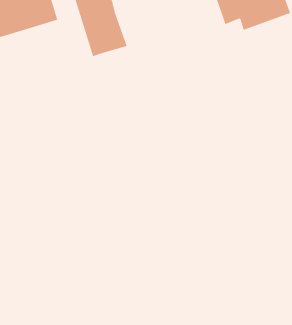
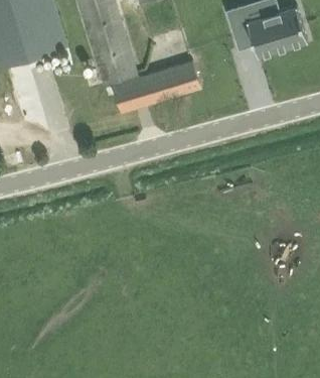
building: none -> [112,59,199,112]

